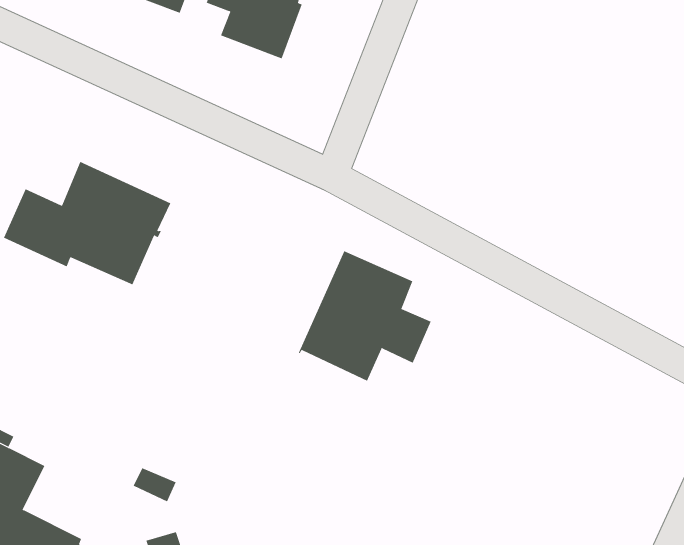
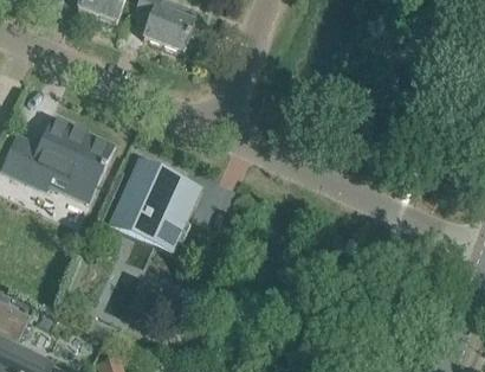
building: [298,250,431,382] -> [109,158,195,243]

